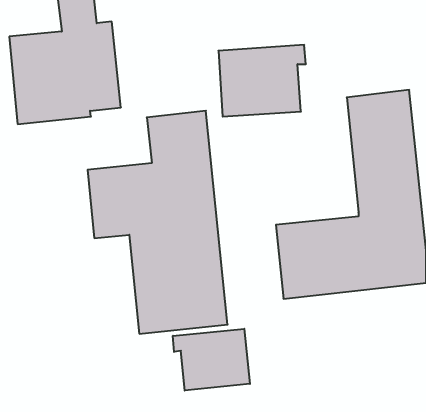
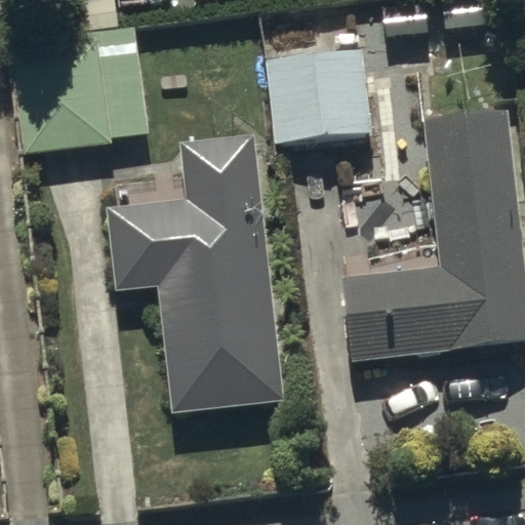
building: [173,329,250,391] -> none

